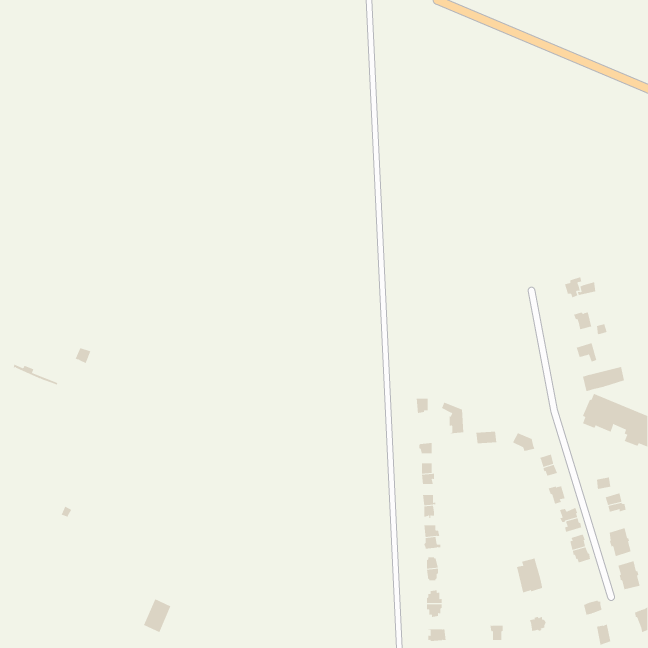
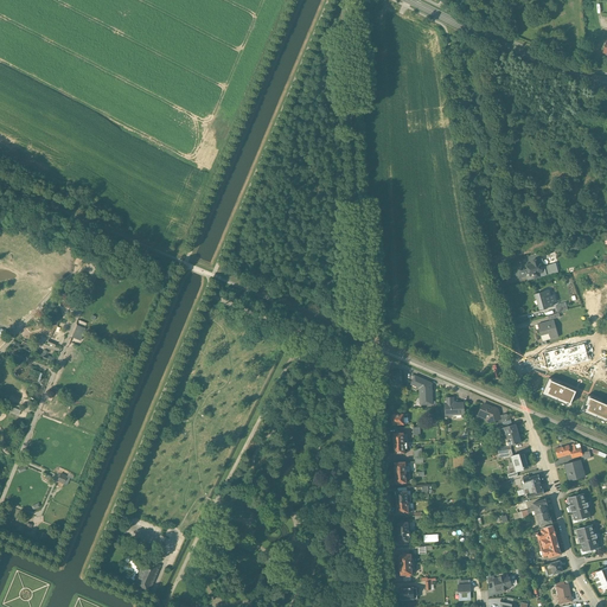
building: [516,558,543,593] -> [536,525,561,558]

